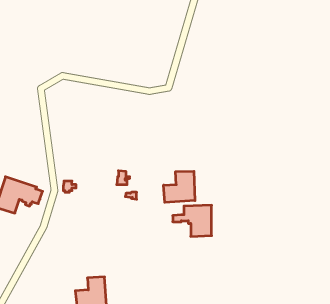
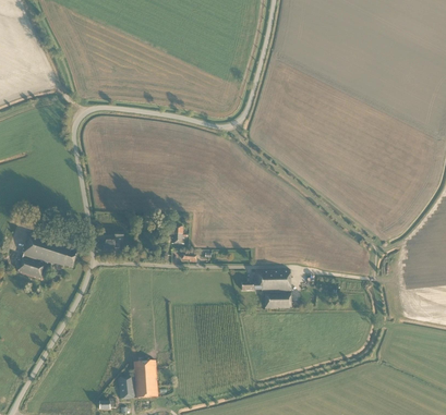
building: [164,171,195,202] -> none

